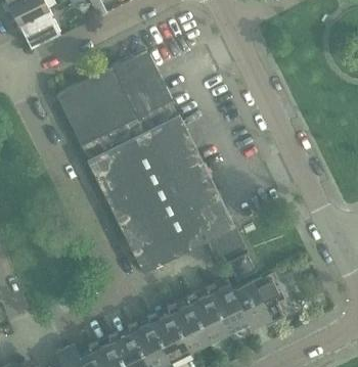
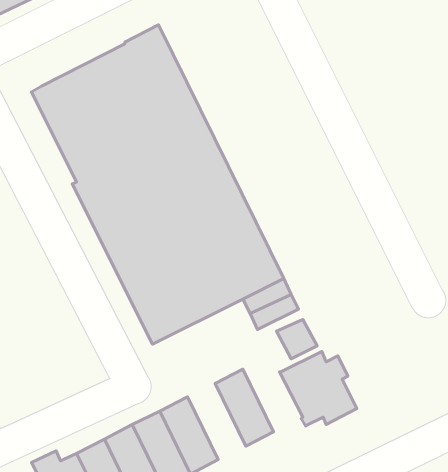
building: [206,279,248,333] -> none
building: [167,300,208,353] -> none

